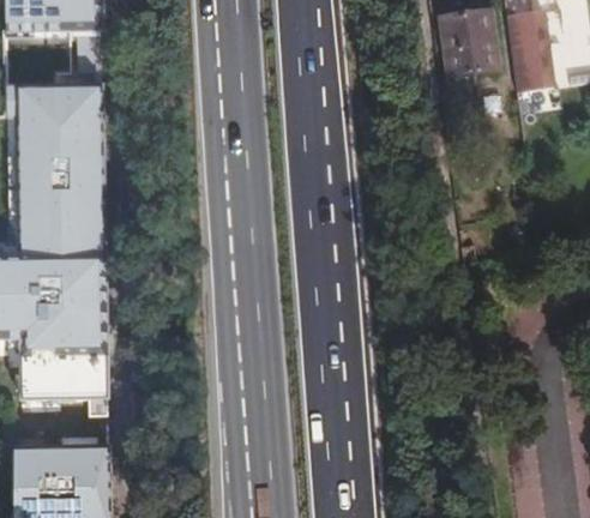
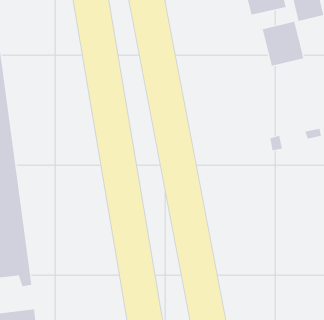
building: none -> [262,21,304,67]

